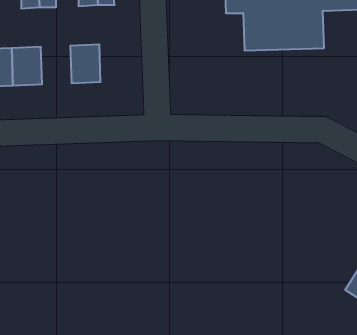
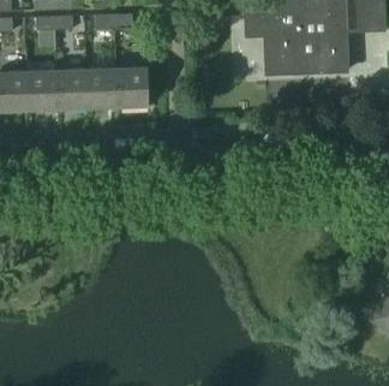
building: none -> [116,66,149,106]
building: none -> [56,69,88,108]

